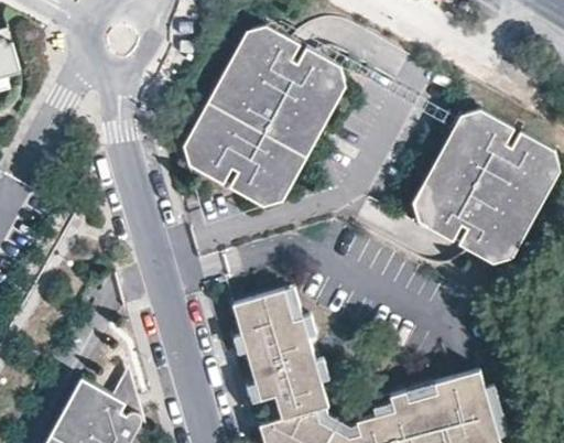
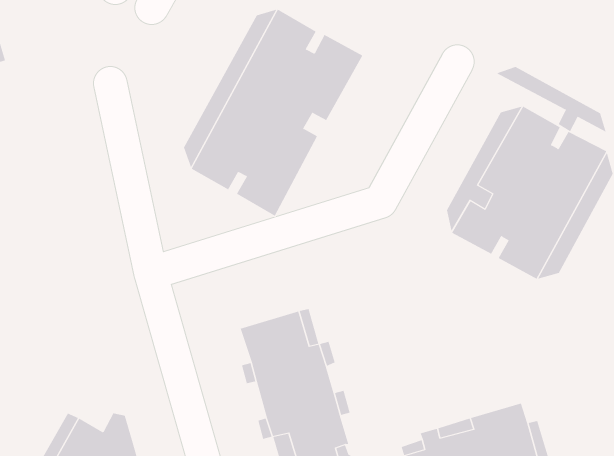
building: [263,66,346,207] -> none
building: none -> [496,66,607,133]

